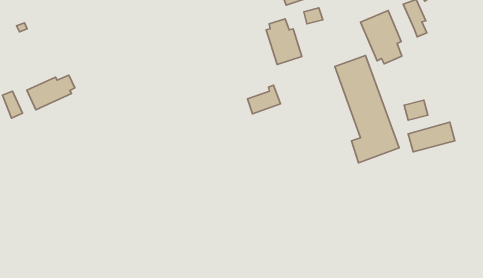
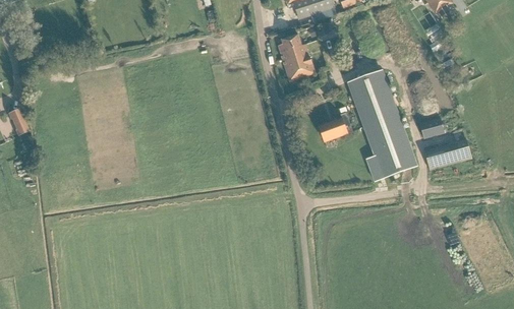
building: [361,10,402,64] -> none
building: [27,75,75,110] -> none
building: [248,85,280,114] -> [320,112,353,141]

